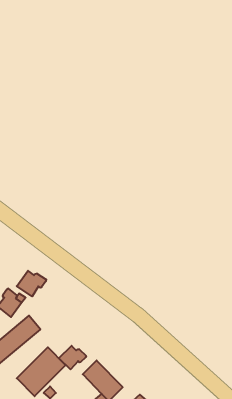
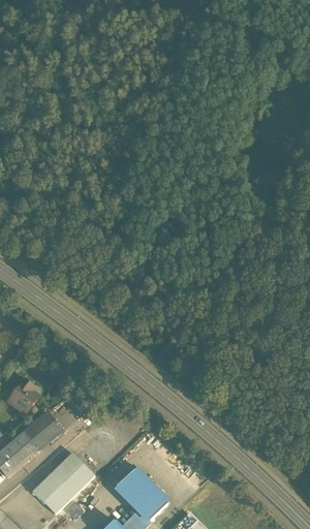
building: [17,271,46,296] -> none
building: [59,346,86,369] -> none

